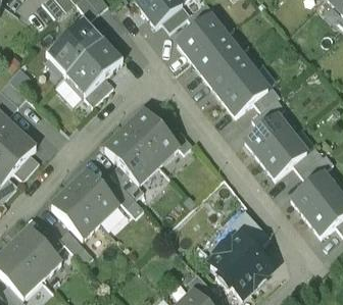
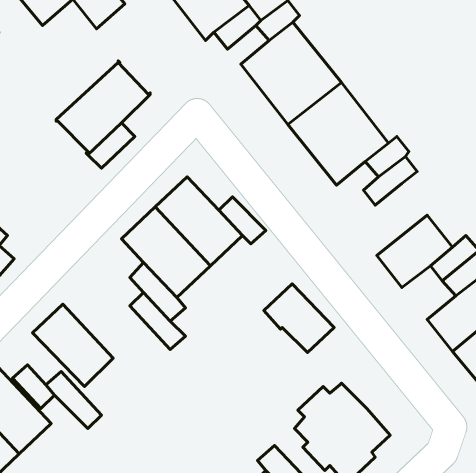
building: [45,17,102,73] -> none
building: [244,112,290,156] -> none
building: [68,169,117,218] -> none
building: [227,207,269,249] -> [264,284,334,353]

